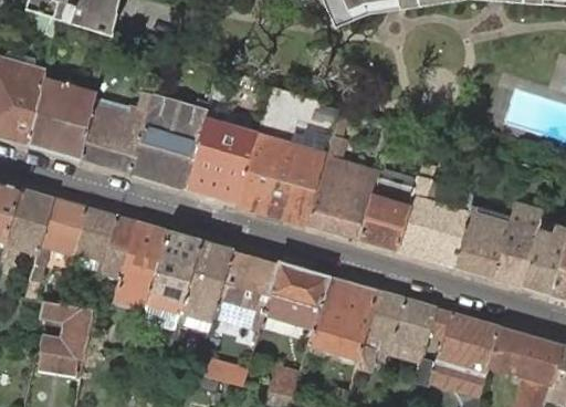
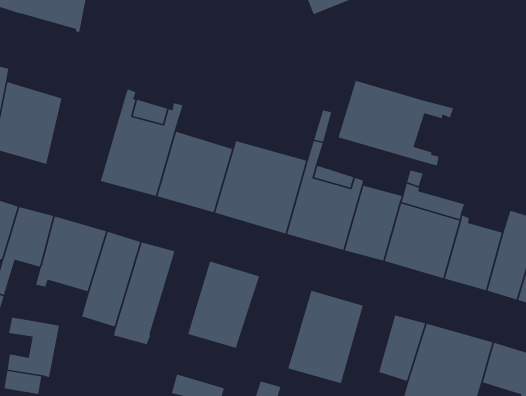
building: none -> [338,80,454,166]
building: [81,92,154,175] -> none
building: [177,240,233,331] -> none
building: [264,263,328,328] -> none
building: [356,291,407,371] -> none

